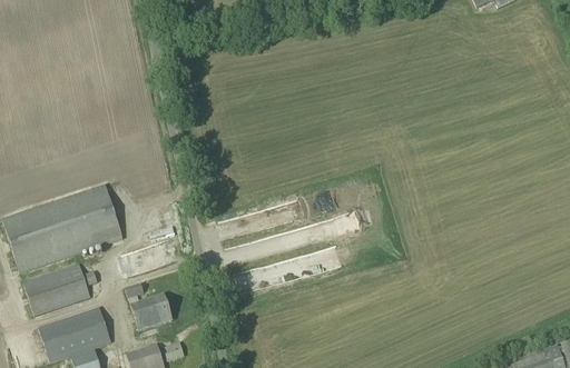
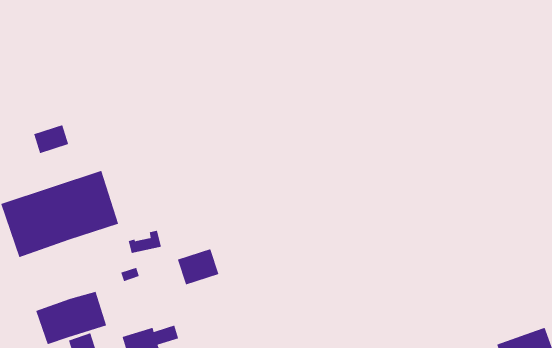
building: none -> [33,124,69,154]
building: [23,262,98,315] -> none
building: [130,292,174,330] -> [177,248,219,285]

